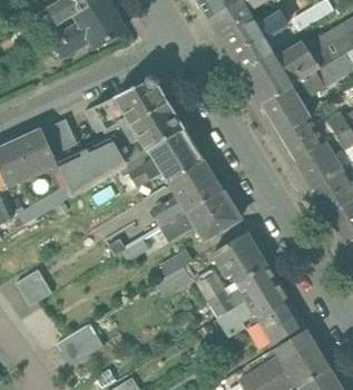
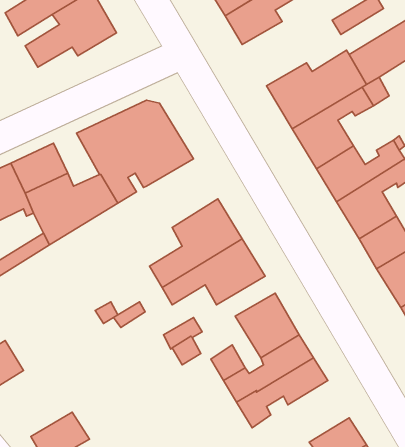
building: [223,12,287,70] -> none
building: [129,127,204,186] -> none
building: [258,300,304,342] -> none

